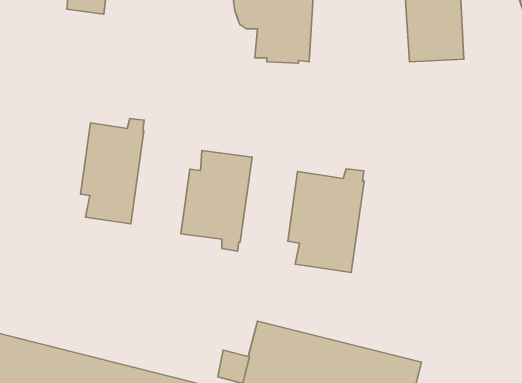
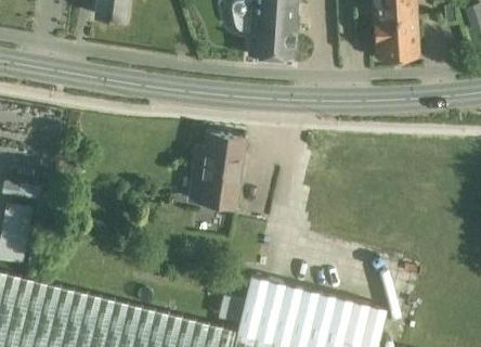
building: [80,119,144,224] -> none
building: [288,169,364,272] -> none

